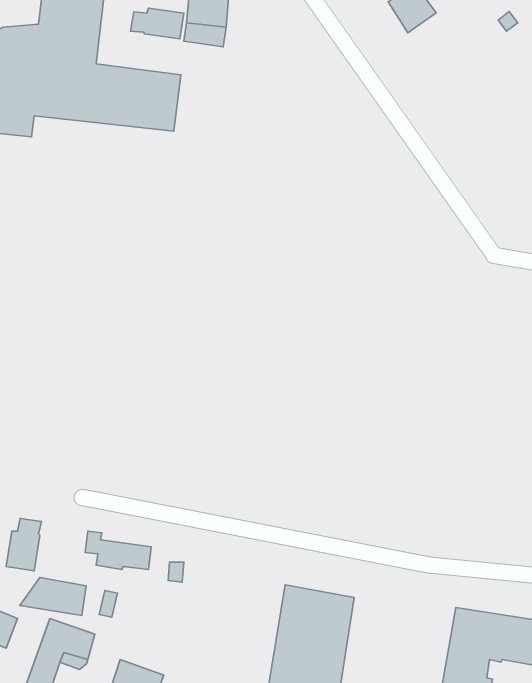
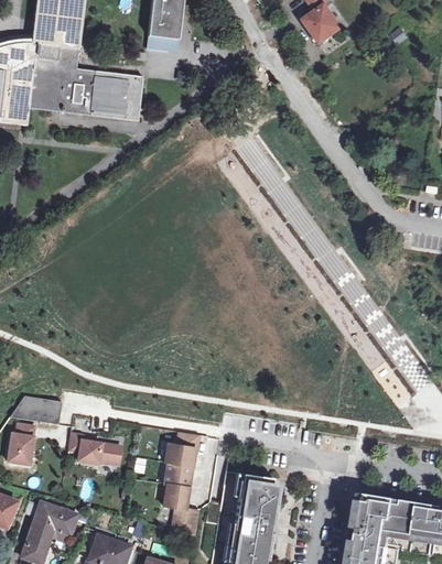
building: [131,8,184,39] -> none
building: none -> [163,432,200,536]
building: [20,577,86,615] -> [9,395,61,425]

